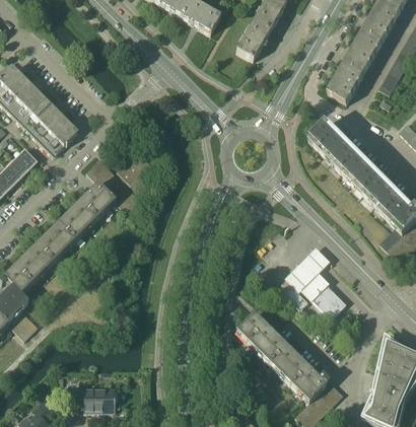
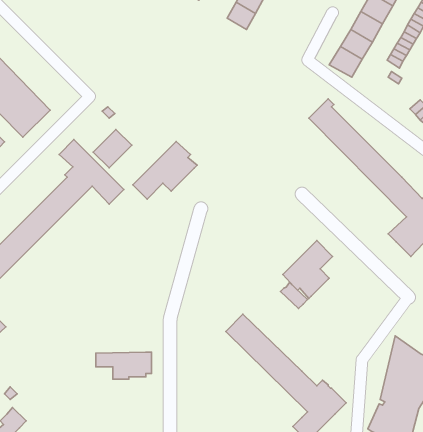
building: none -> [133,142,197,199]
building: [311,282,346,317] -> none
building: [70,386,120,411] -> [96,352,151,379]

